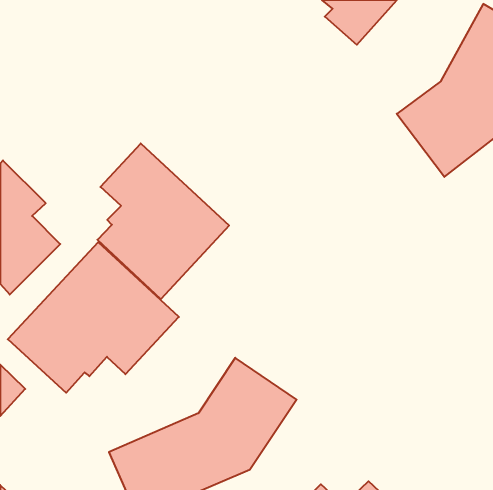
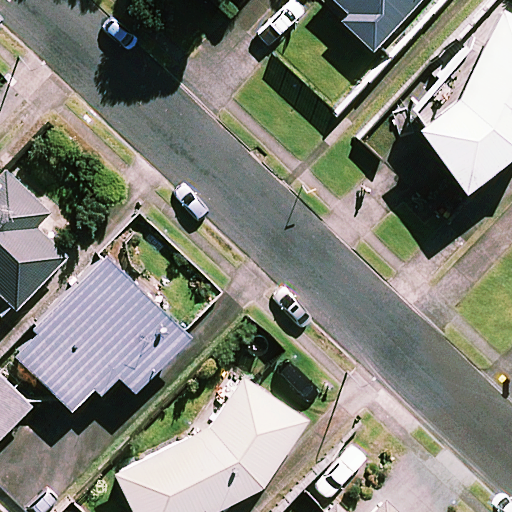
building: [97,143,229,299] -> none

